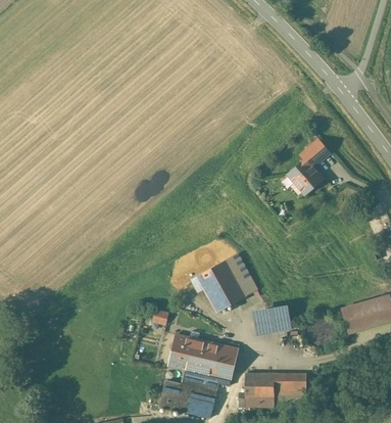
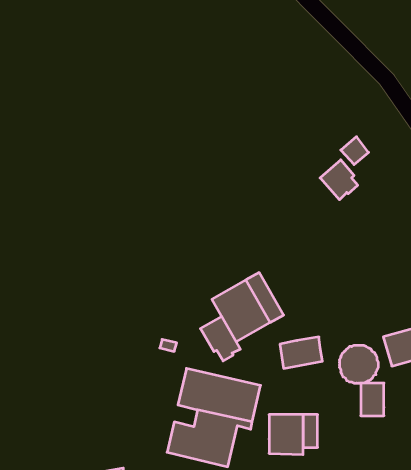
building: none -> [200,316,240,361]
building: [286,374,305,402] -> [361,383,384,416]

